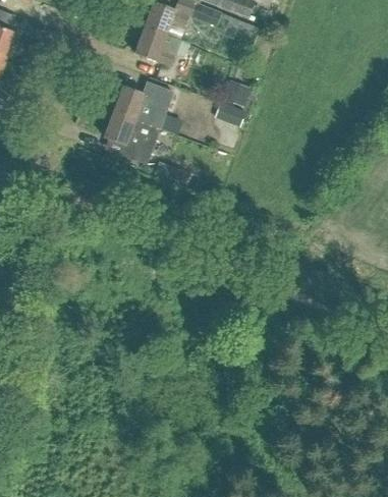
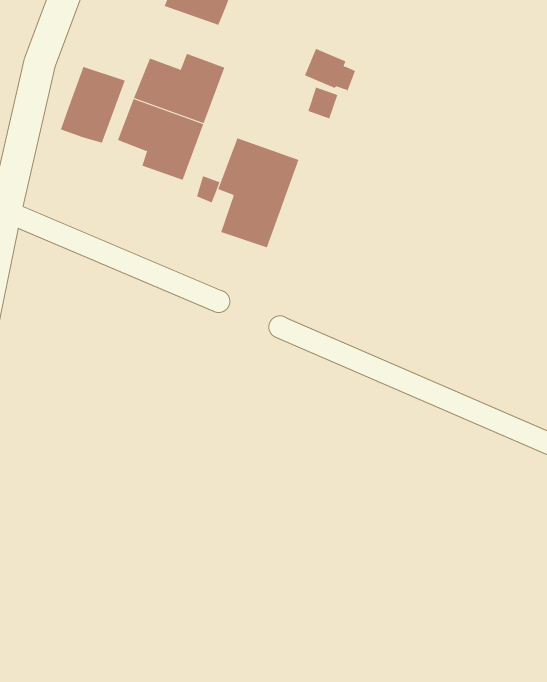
building: none -> [60,66,125,144]
building: none -> [218,138,299,248]

